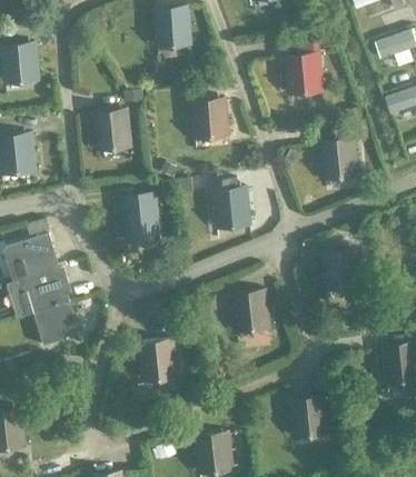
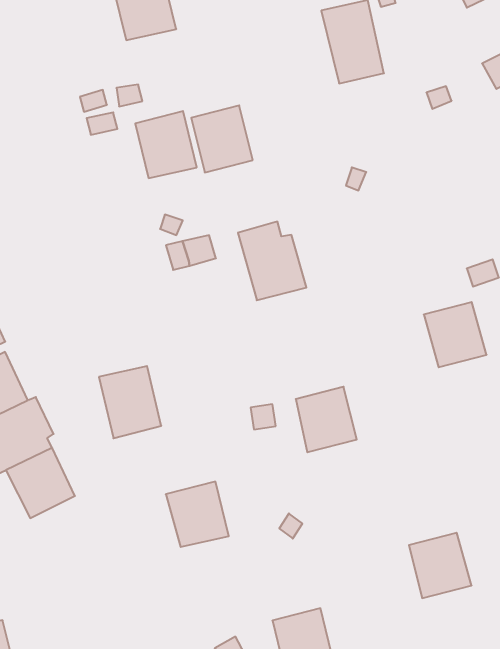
building: [95,108,130,148] -> [135,111,197,178]
building: [321,137,358,177] -> none
building: [123,195,159,238] -> [99,366,161,438]

